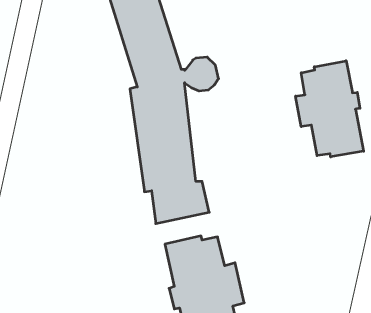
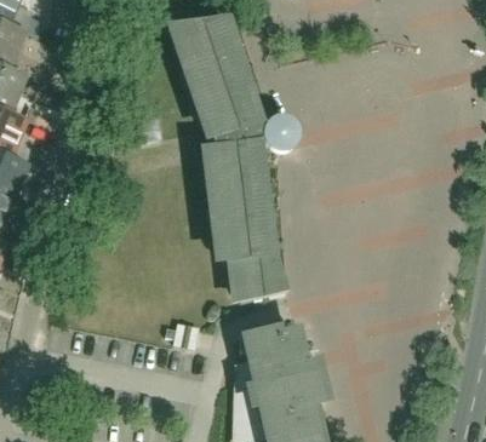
building: [296,61,364,157] -> none

